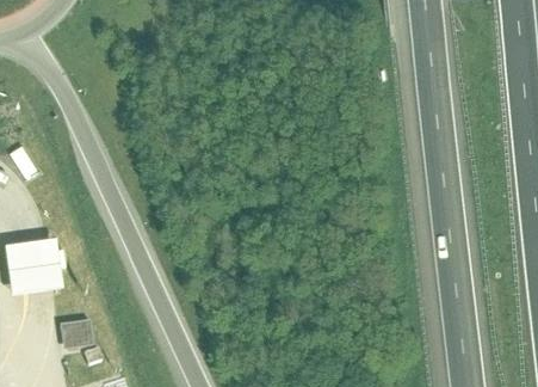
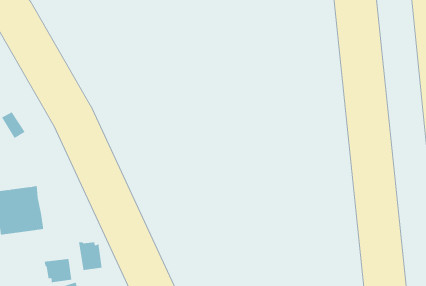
building: none -> [78,241,102,271]

